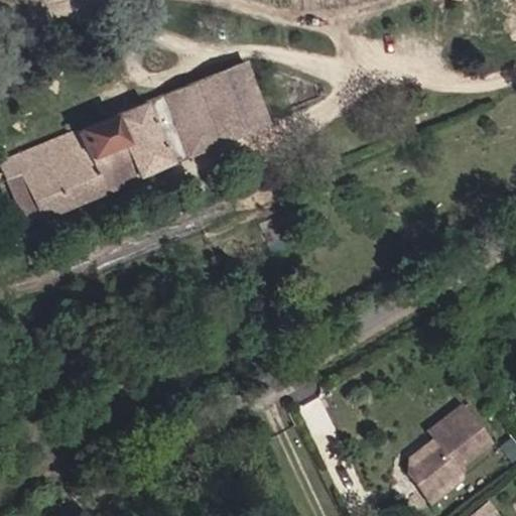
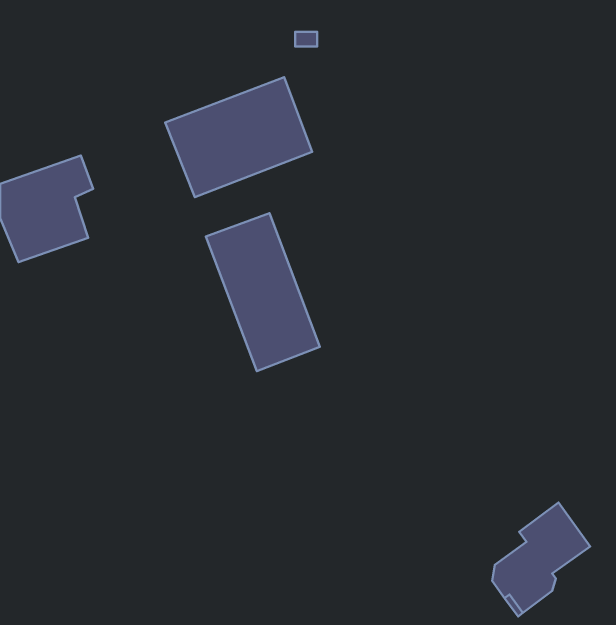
building: [70,102,168,197] -> none
building: none -> [206,213,320,371]

